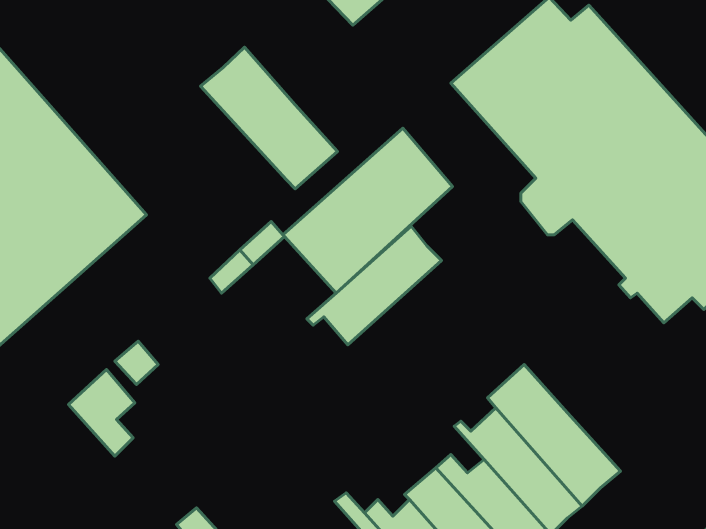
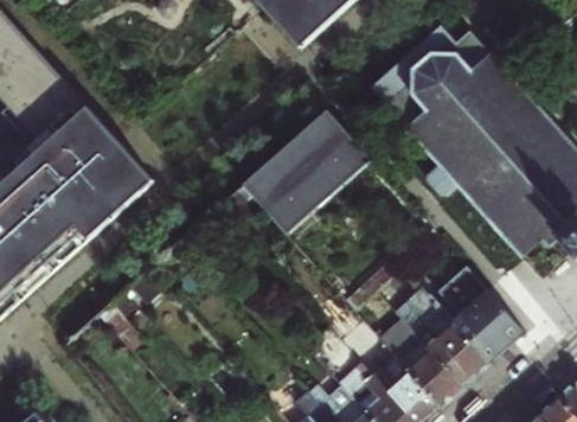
building: [200,47,337,189] -> none
building: [307,226,441,345] -> none
building: none -> [437,264,522,362]

